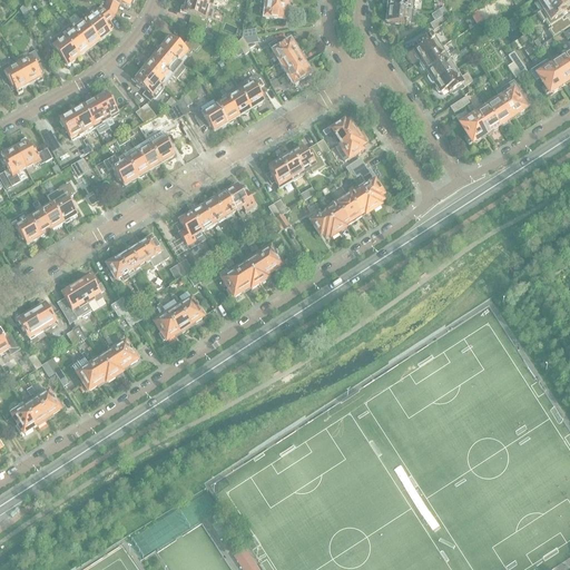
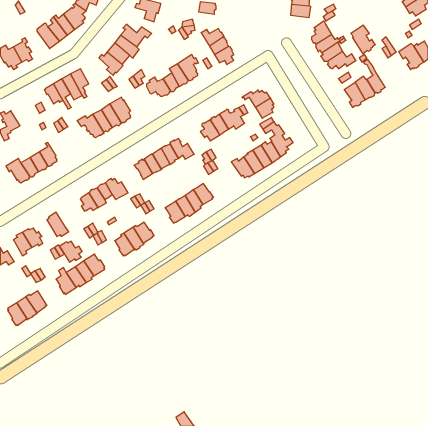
building: [497,78,529,116] -> [351,25,375,54]
building: [14,137,52,167] -> none
building: [75,275,105,303] -> [60,241,82,262]

